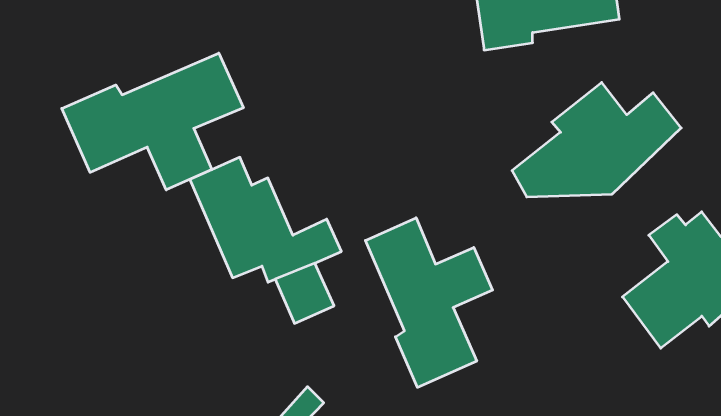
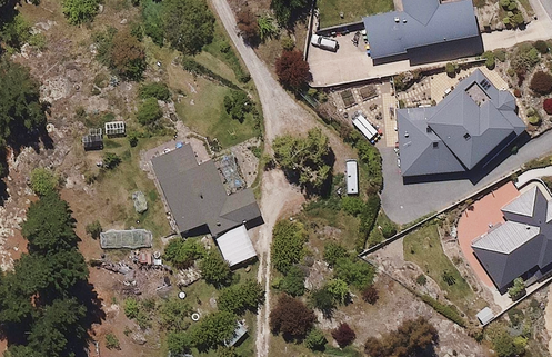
building: [62,53,243,190] -> none
building: [365,218,493,387] -> none

